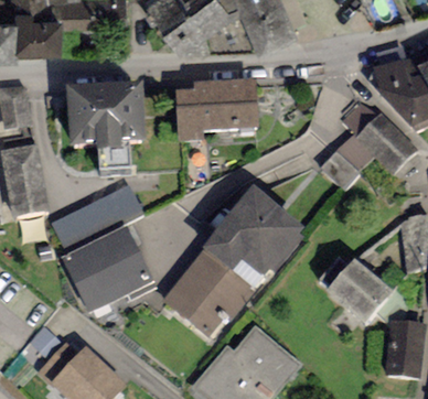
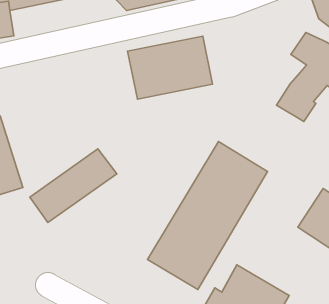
building: [63,80,149,153] -> none
building: [60,227,151,312] -> none

